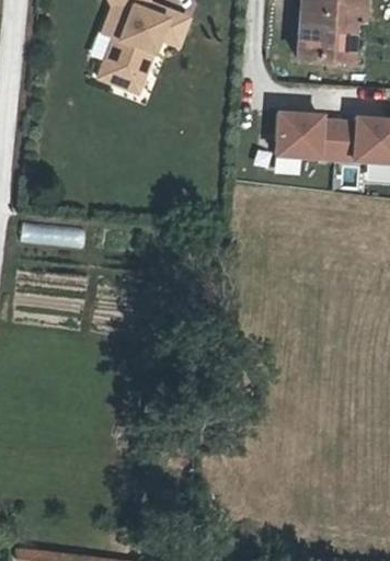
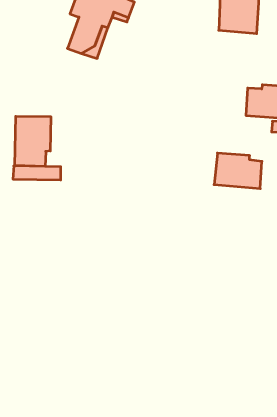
building: [275,112,339,159] -> [214,153,262,189]
building: none -> [15,116,51,166]

